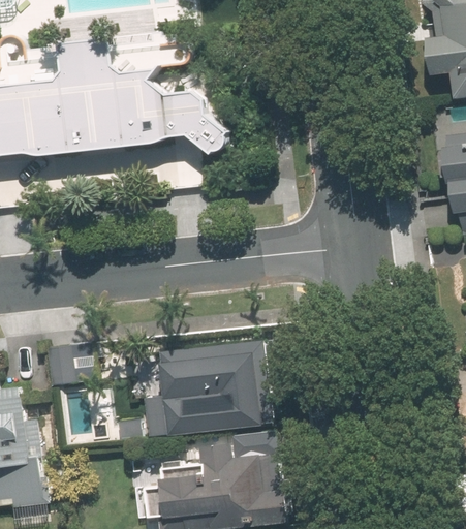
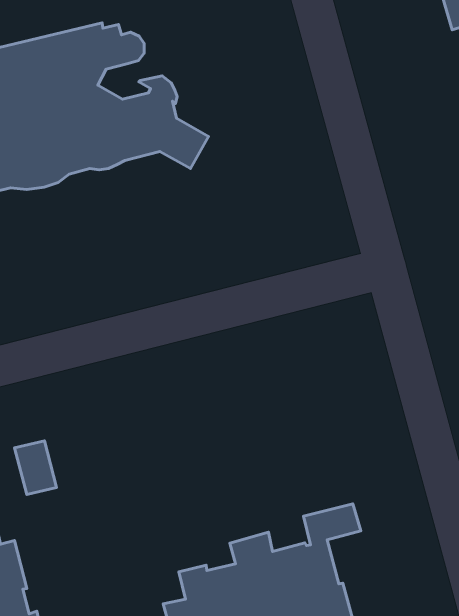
building: [104,341,273,447] -> none

